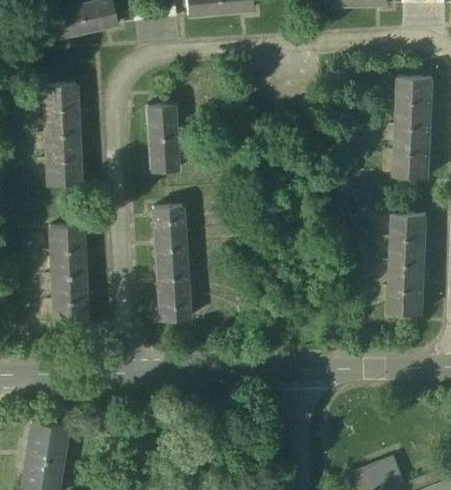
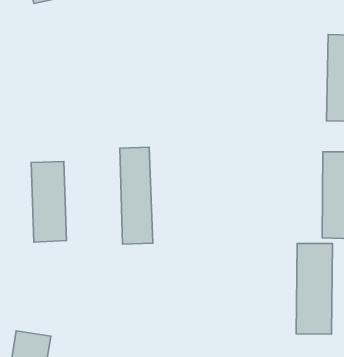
building: [39,83,82,186] -> none
building: [144,104,182,173] -> none
building: none -> [296,243,333,334]

